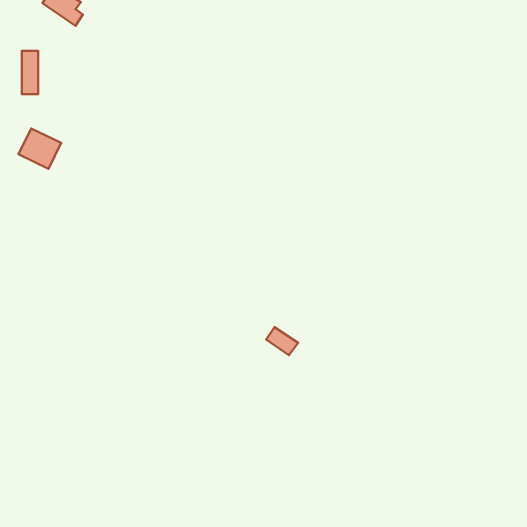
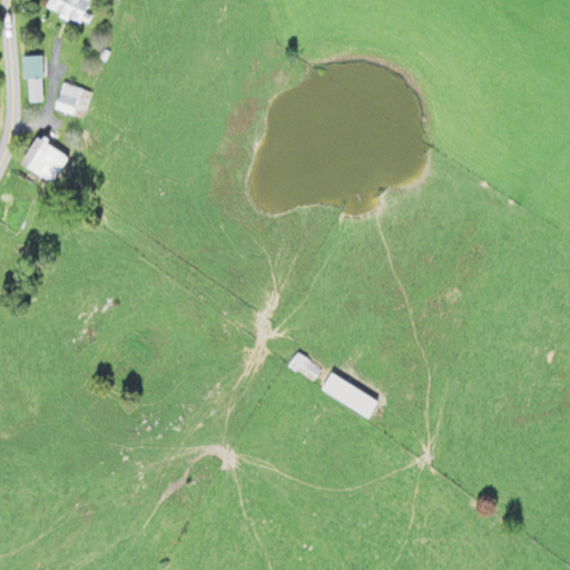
building: none -> [55,81,92,117]
building: none -> [321,373,379,419]

